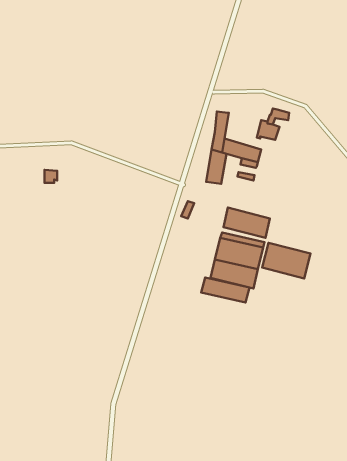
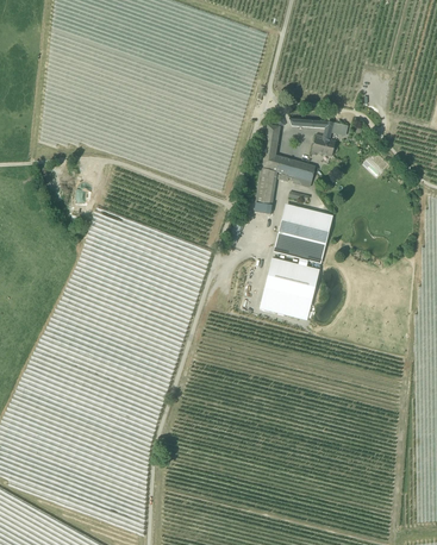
building: [262,243,311,278] -> [279,203,332,243]
building: [201,278,250,302] -> none

